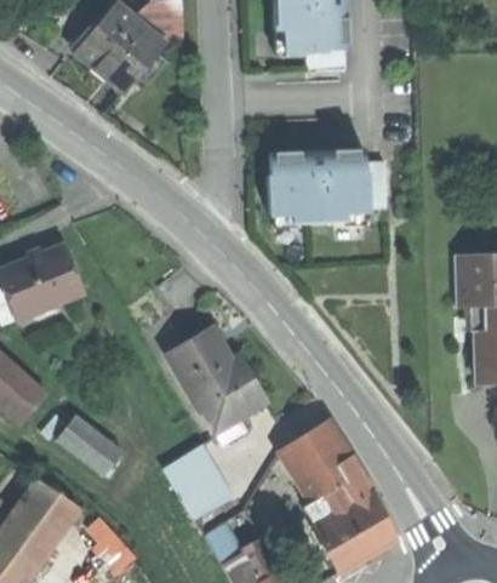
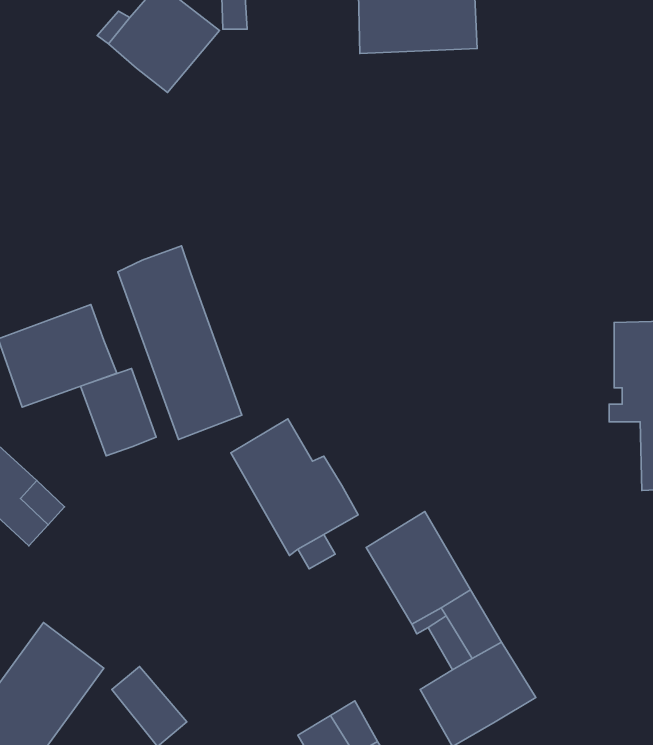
building: [262,148,377,232] -> none
building: none -> [118,246,242,440]
building: none -> [80,368,156,456]
building: [59,417,122,475] -> none
building: [166,448,230,518] -> none

